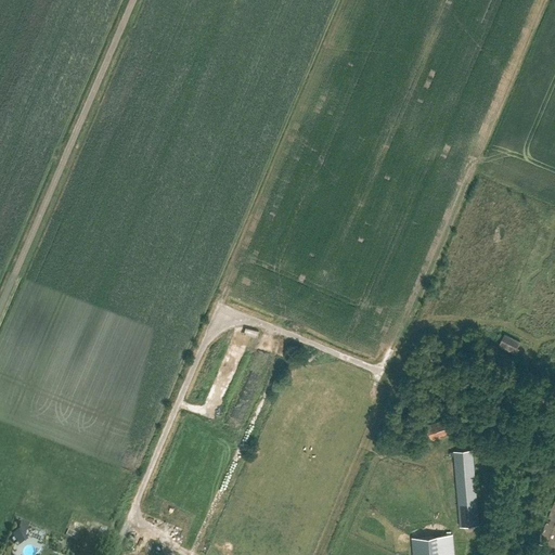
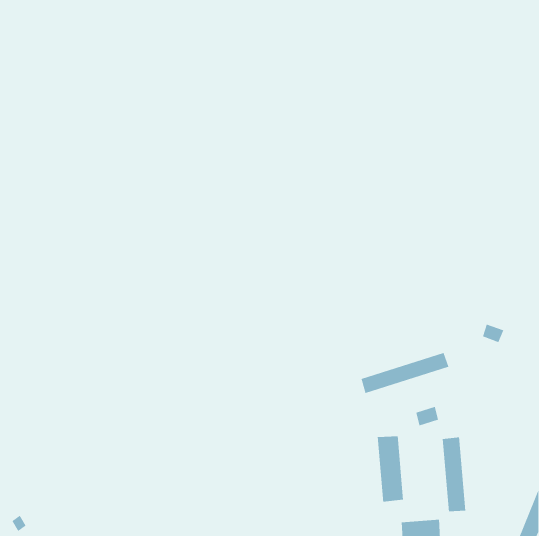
building: none -> [361,352,449,394]
building: none -> [377,435,404,502]

